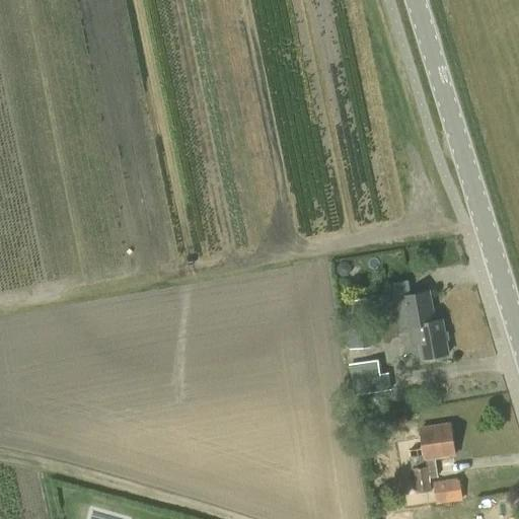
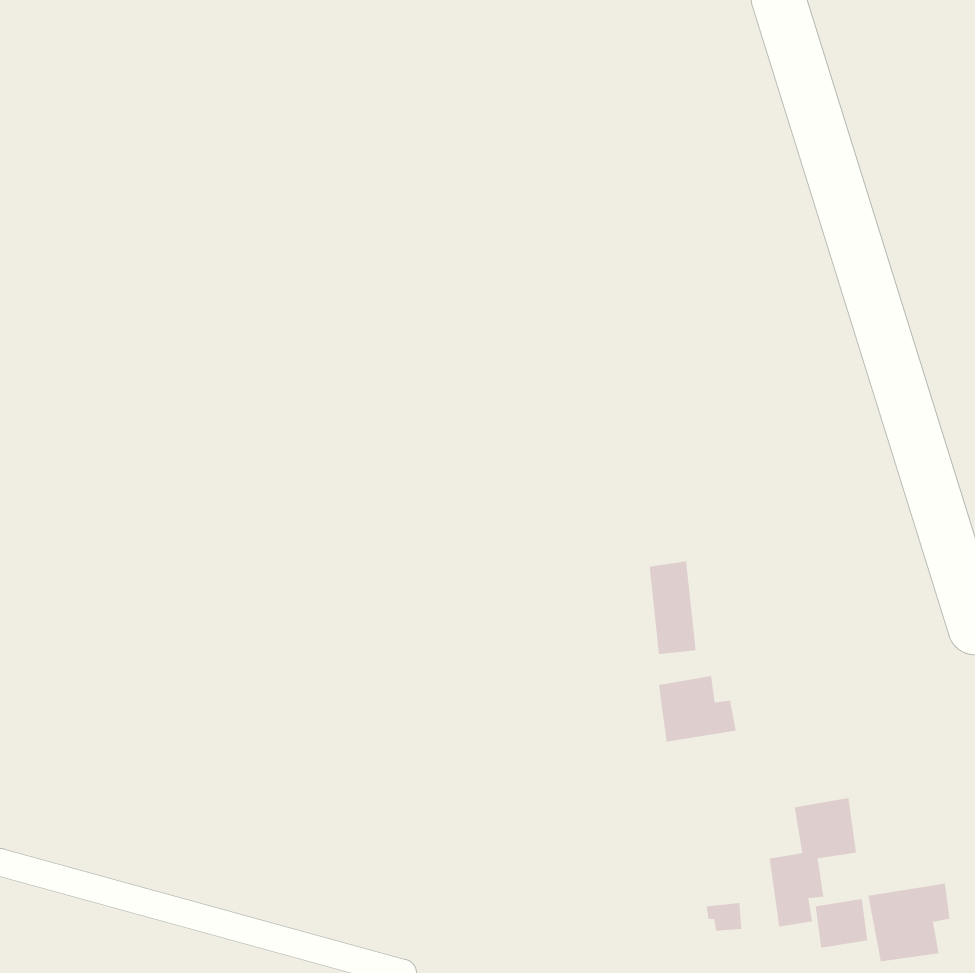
building: [396,290,448,357] -> none
building: none -> [868,883,950,962]

